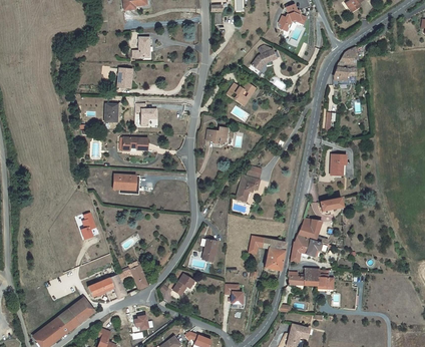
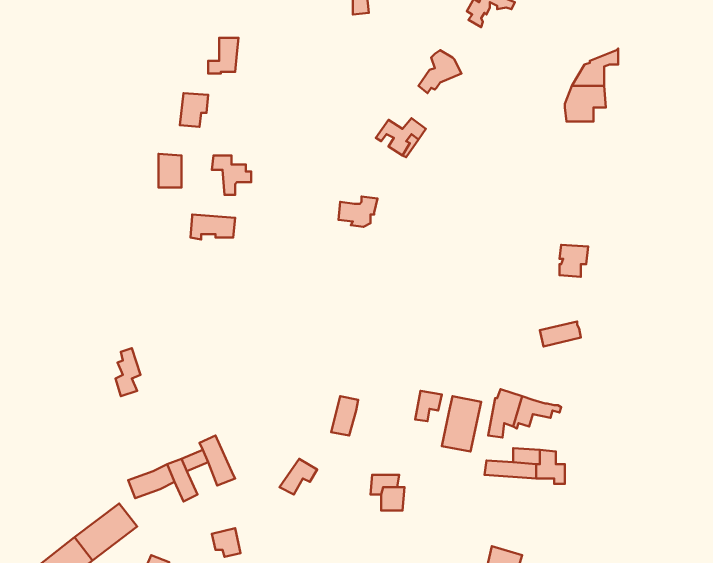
building: [237,165,262,201] -> none
building: [113,173,140,194] -> none
building: [298,217,322,240] -> none

